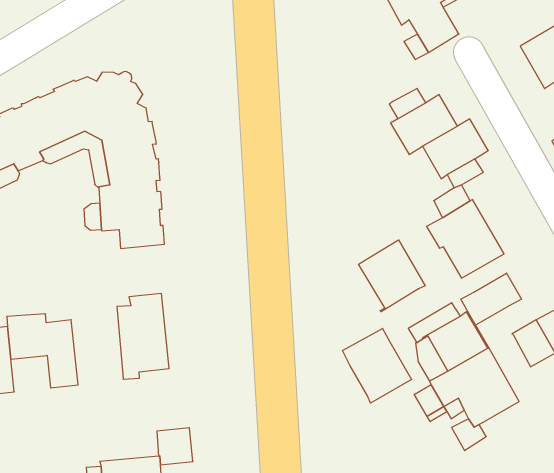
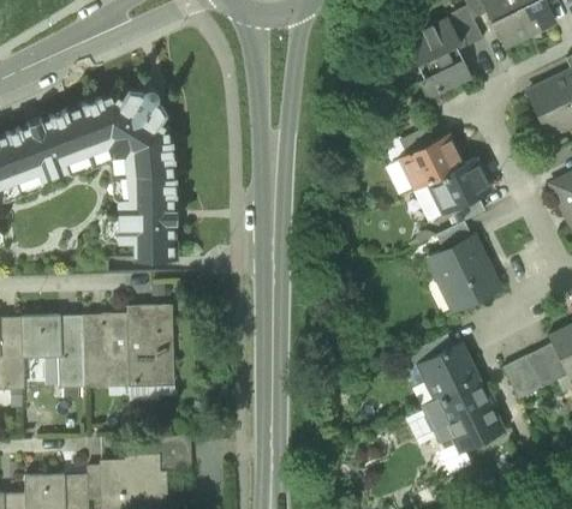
building: [359,240,425,312] -> none
building: [461,273,521,325] -> none
building: none -> [83,315,129,387]
building: [342,328,412,403] -> none

